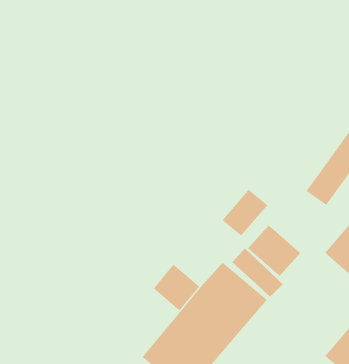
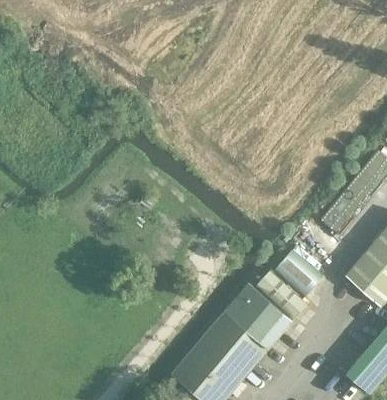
building: [221,189,269,237] -> none
building: [153,264,200,311] -> none

